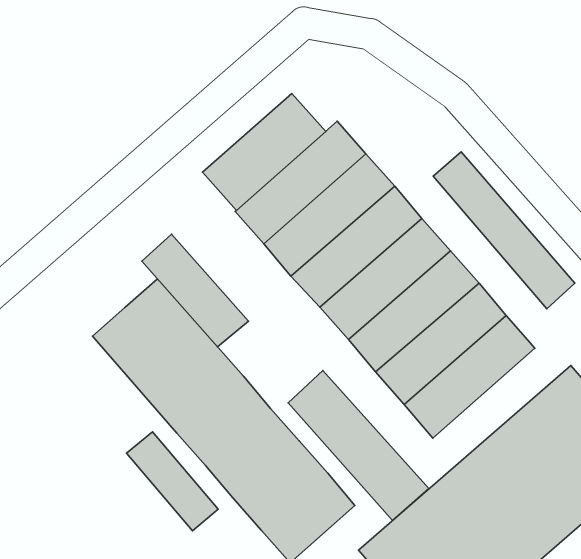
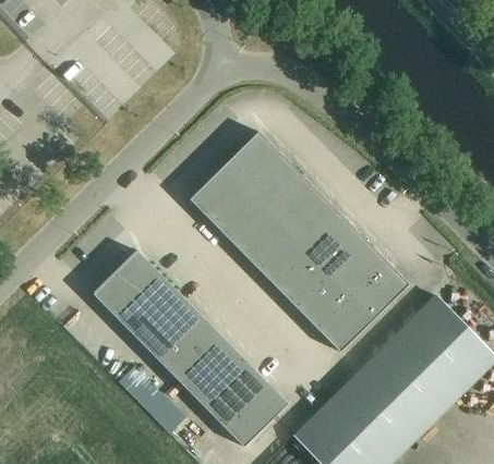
building: [203,93,326,210] -> none
building: [433,152,575,309] -> none
building: [142,234,248,347] -> none
building: [288,371,429,520] -> none

